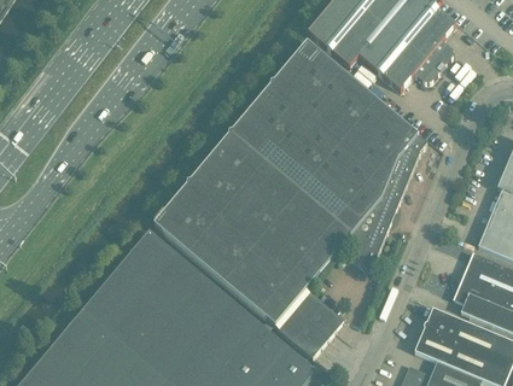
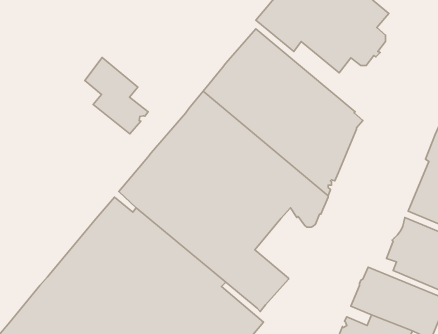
building: none -> [85,57,148,134]

